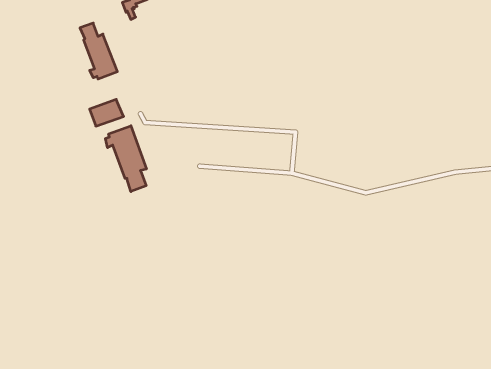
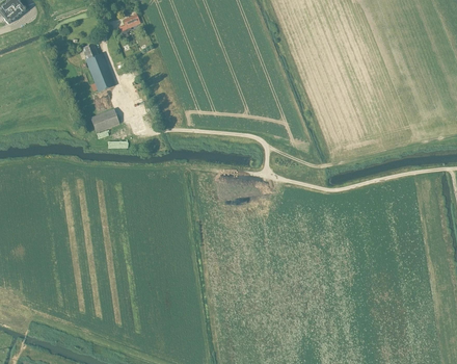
building: [105,126,146,192] -> none

